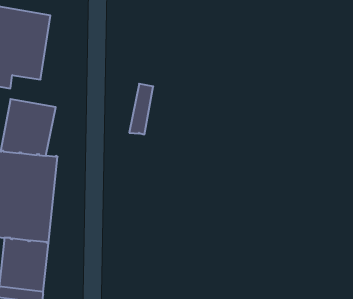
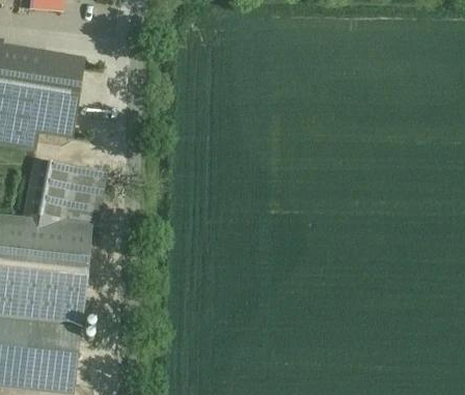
building: [129,84,153,134] -> [76,167,104,226]

